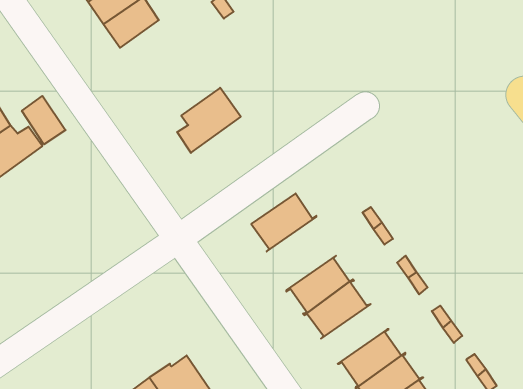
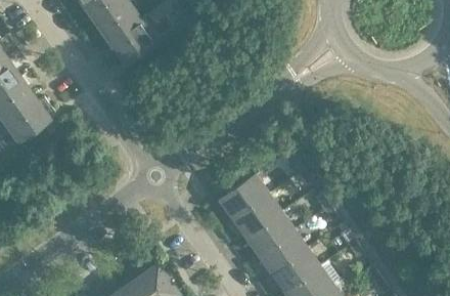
building: [177,88,241,153] -> [107,19,154,68]
building: [22,96,66,144] -> none
building: [251,193,316,252] -> [222,176,270,219]
building: none -> [259,229,308,273]

